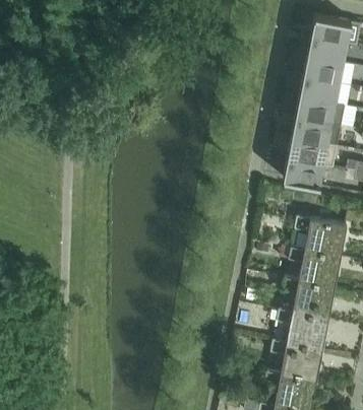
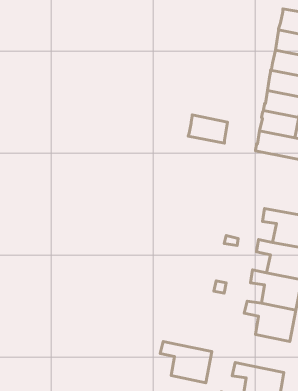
building: [283,158,322,187] -> [188,115,228,143]
building: [269,340,321,382] -> [160,341,212,383]

